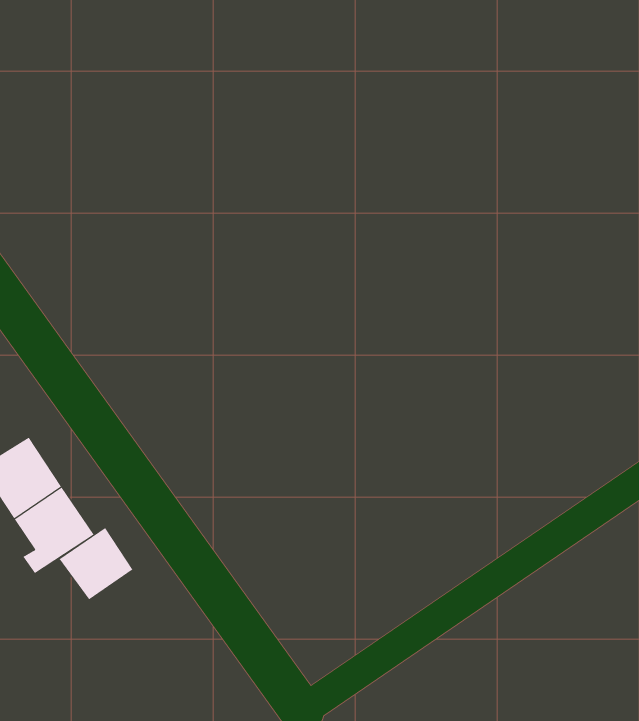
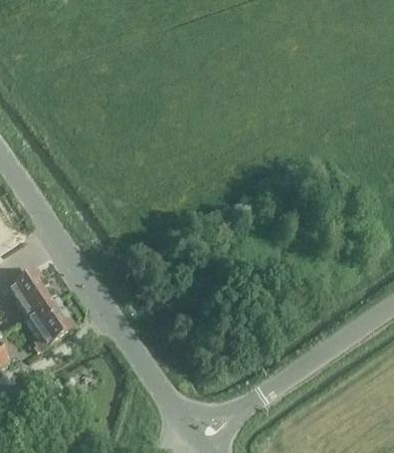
building: [59,527,133,600] -> none

